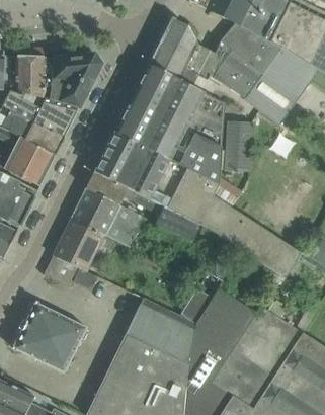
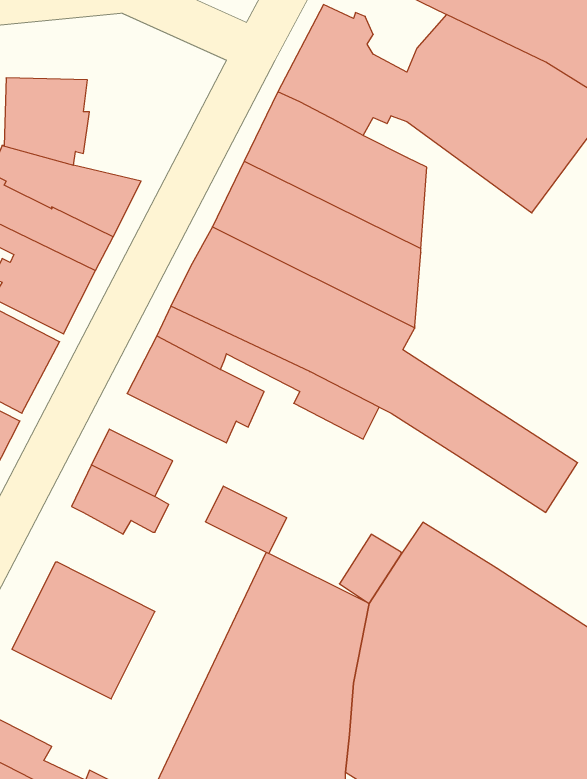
building: [45,54,101,109] -> none
building: [225,121,251,171] -> none
building: [63,218,104,252] -> [205,486,287,554]

